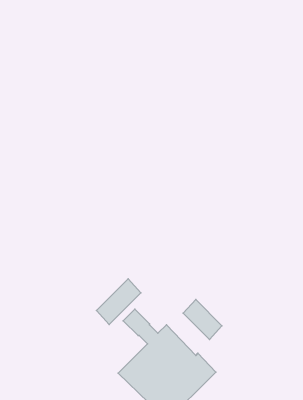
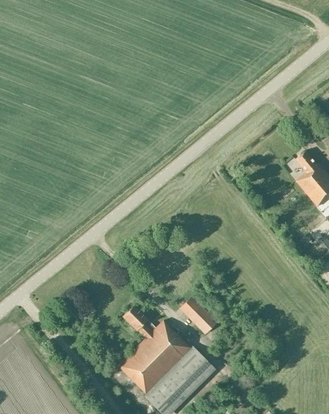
building: [96,279,141,325] -> none

